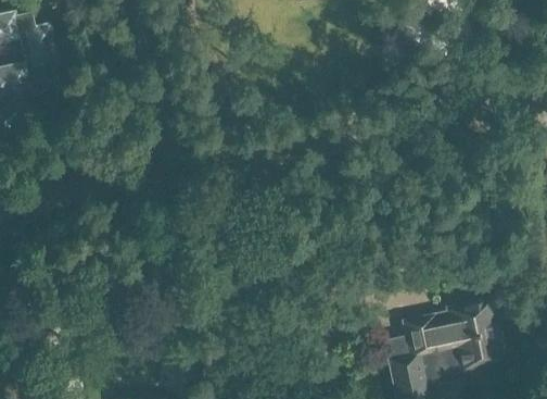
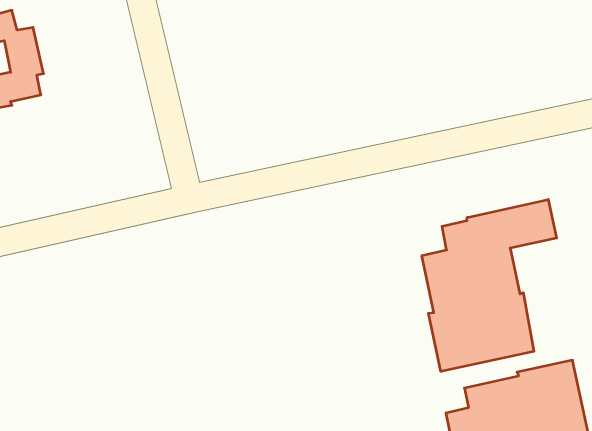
building: none -> [422,199,557,371]

